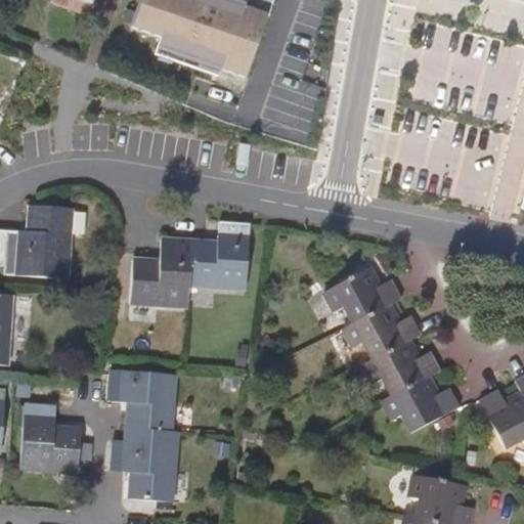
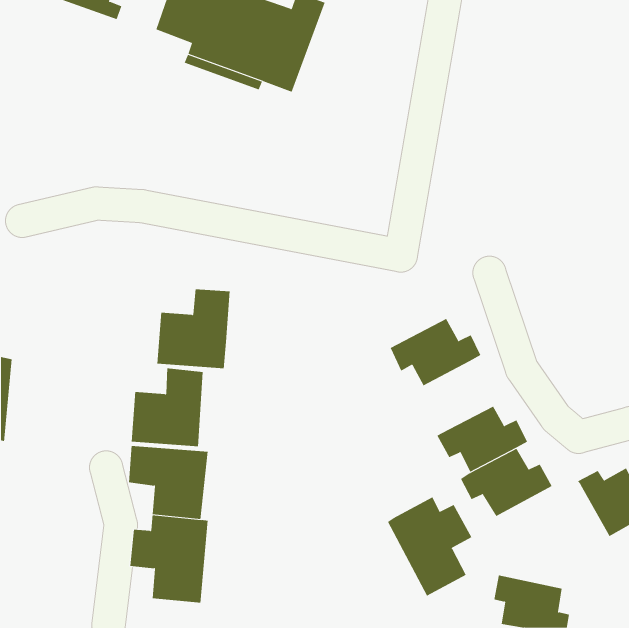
building: [5,205,70,278] -> none
building: [189,222,250,288] -> [131,368,204,447]
building: [344,300,421,356] -> none
building: [20,403,80,471] -> none
building: none -> [387,496,472,597]

